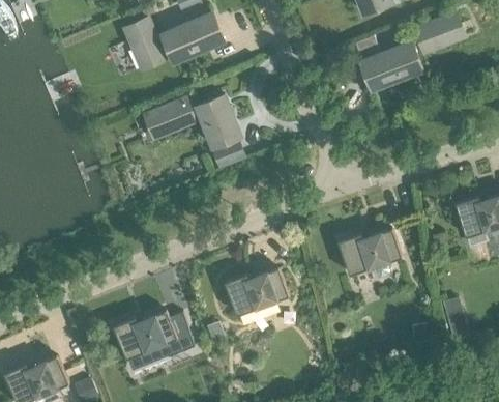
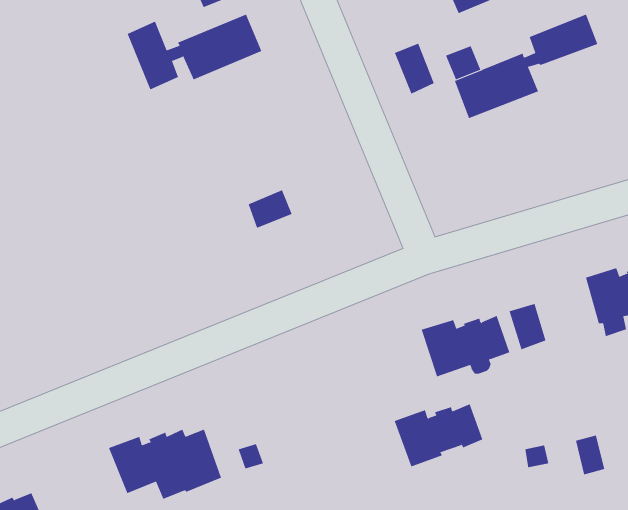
building: none -> [394,43,434,94]
building: [145,95,240,147] -> none
building: none -> [509,303,546,350]
building: [225,269,289,315] -> [394,404,483,467]

